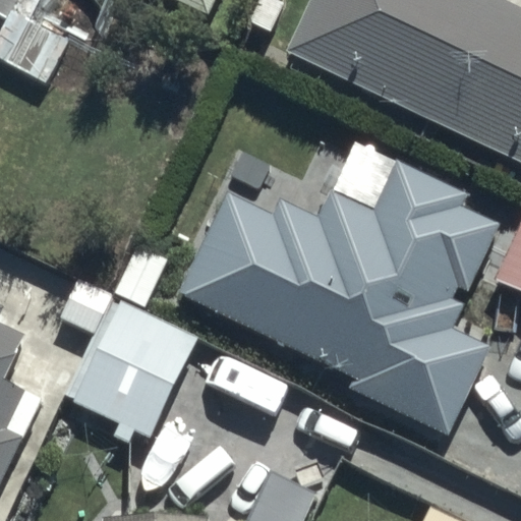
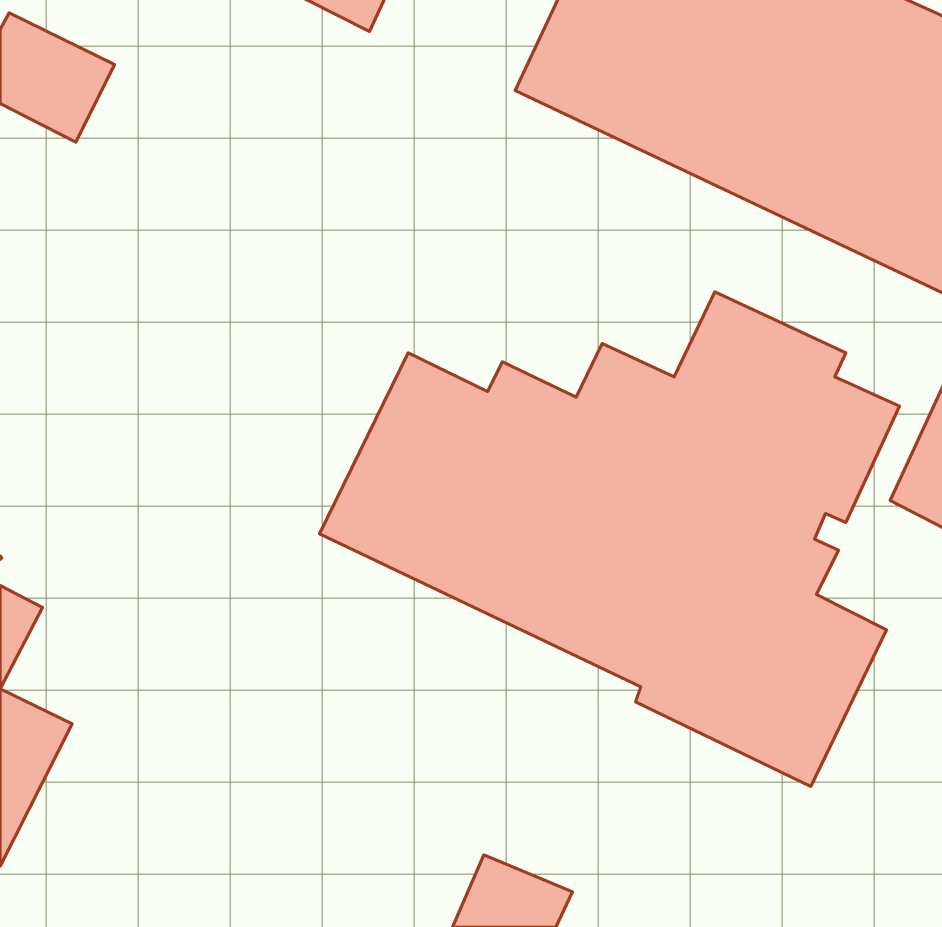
building: [64,297,197,442] -> none

